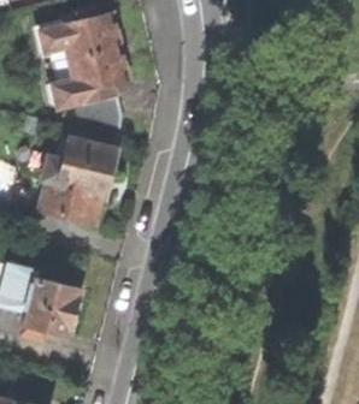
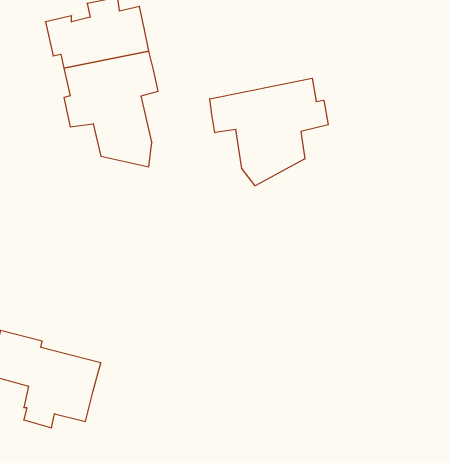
building: none -> [210,78,328,186]
building: [37,138,116,226] -> none

